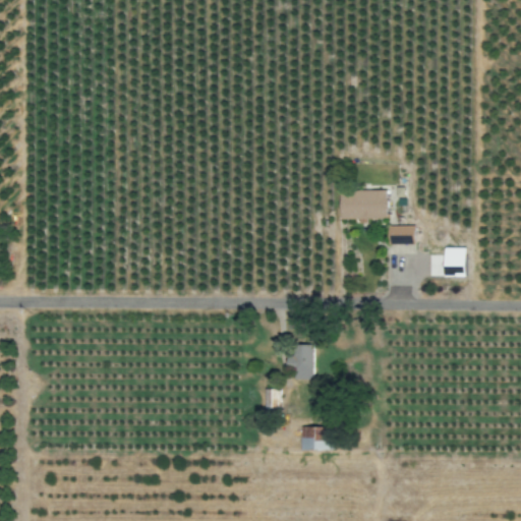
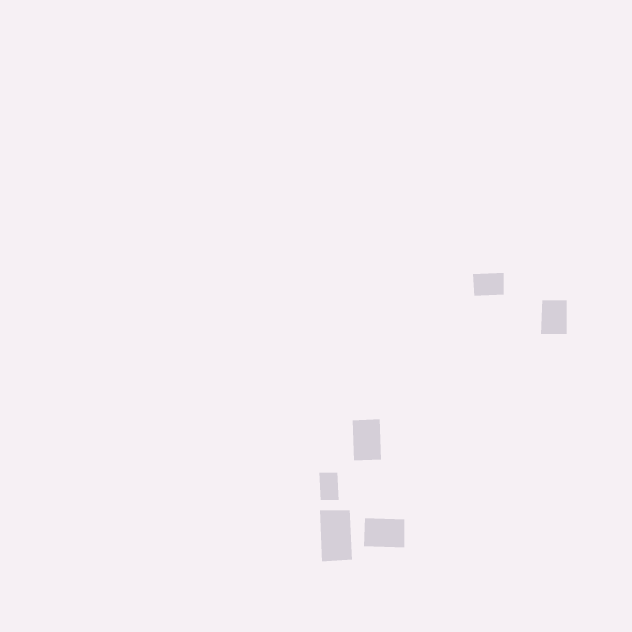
building: [340,189,388,220] -> none
building: none -> [319,510,352,562]

